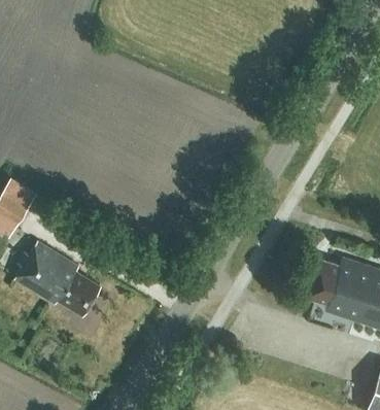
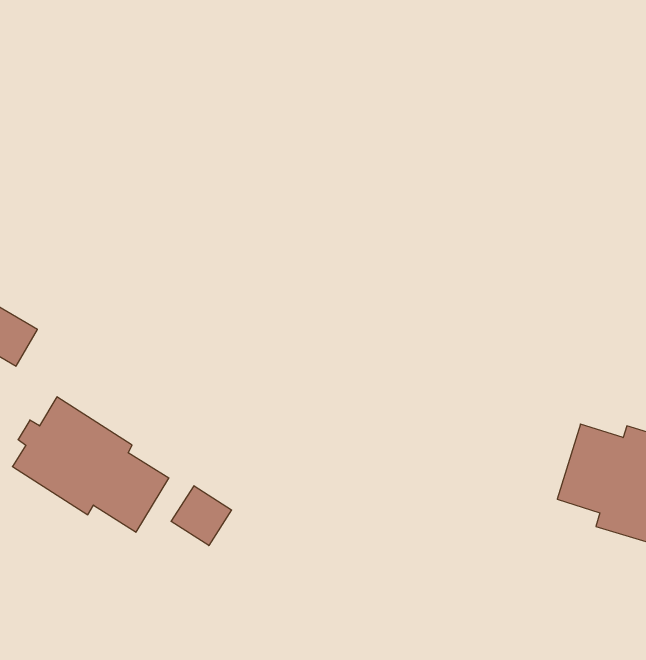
building: none -> [171,486,232,546]

